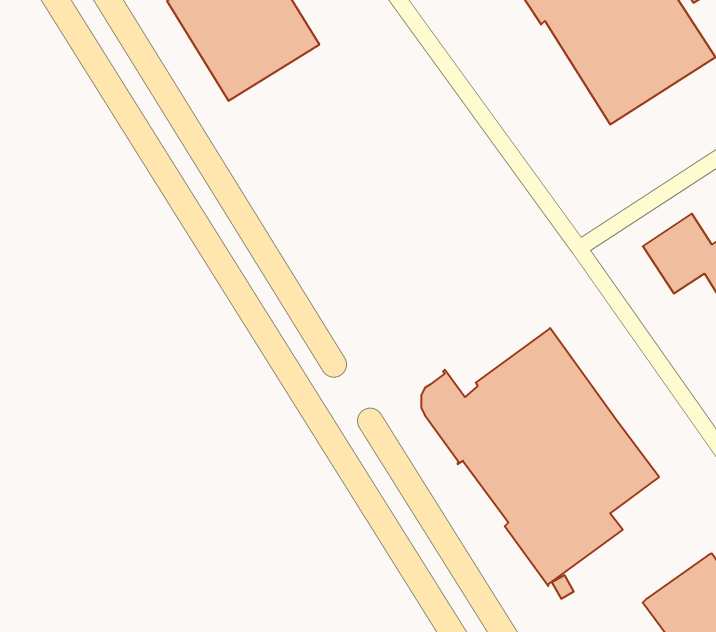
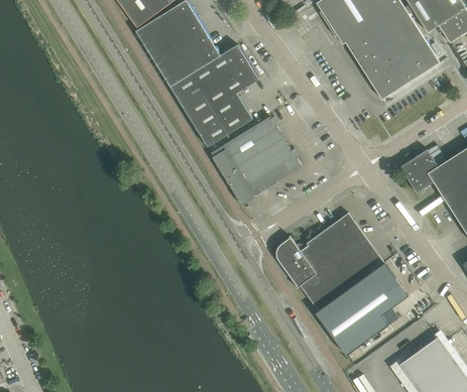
building: none -> [169,44,259,147]
building: none -> [211,116,301,206]

